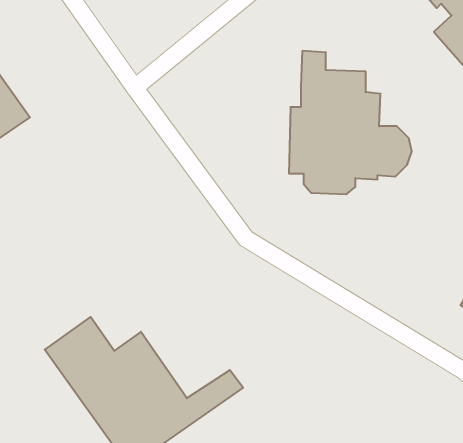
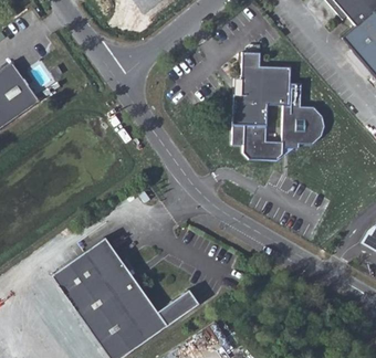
building: none -> [85,238,123,276]

